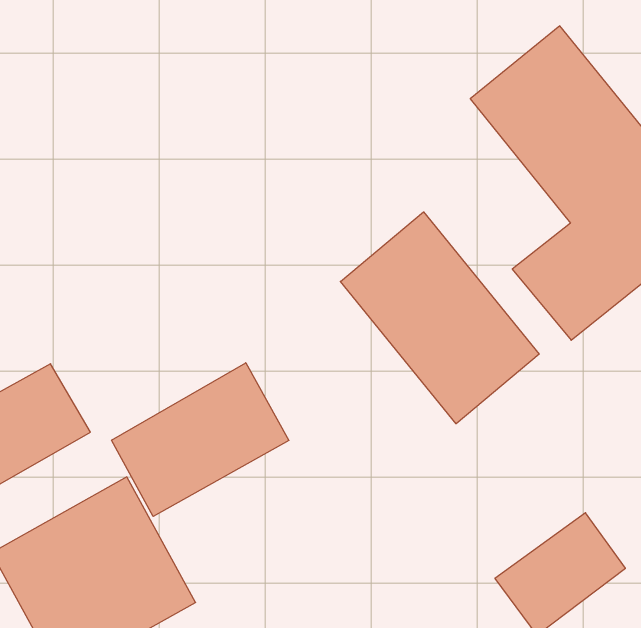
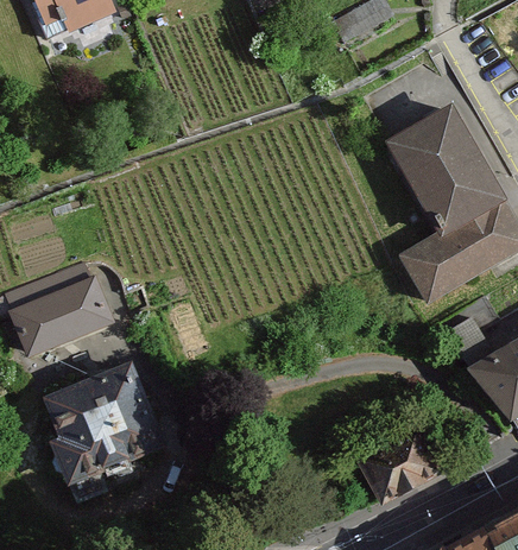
building: [340,212,539,424] -> none
building: [112,363,289,516] -> none

